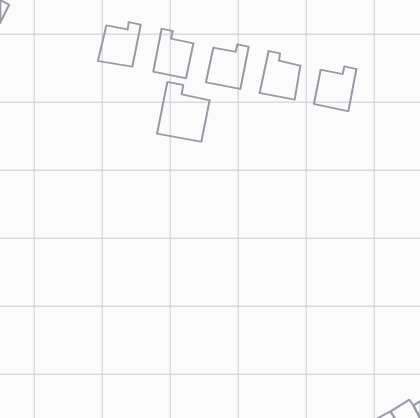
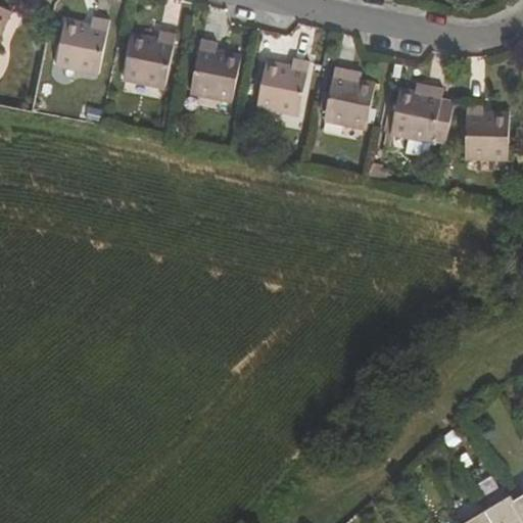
building: none -> [56,16,109,73]
building: [157,82,210,142] -> none
building: none -> [465,105,507,159]

